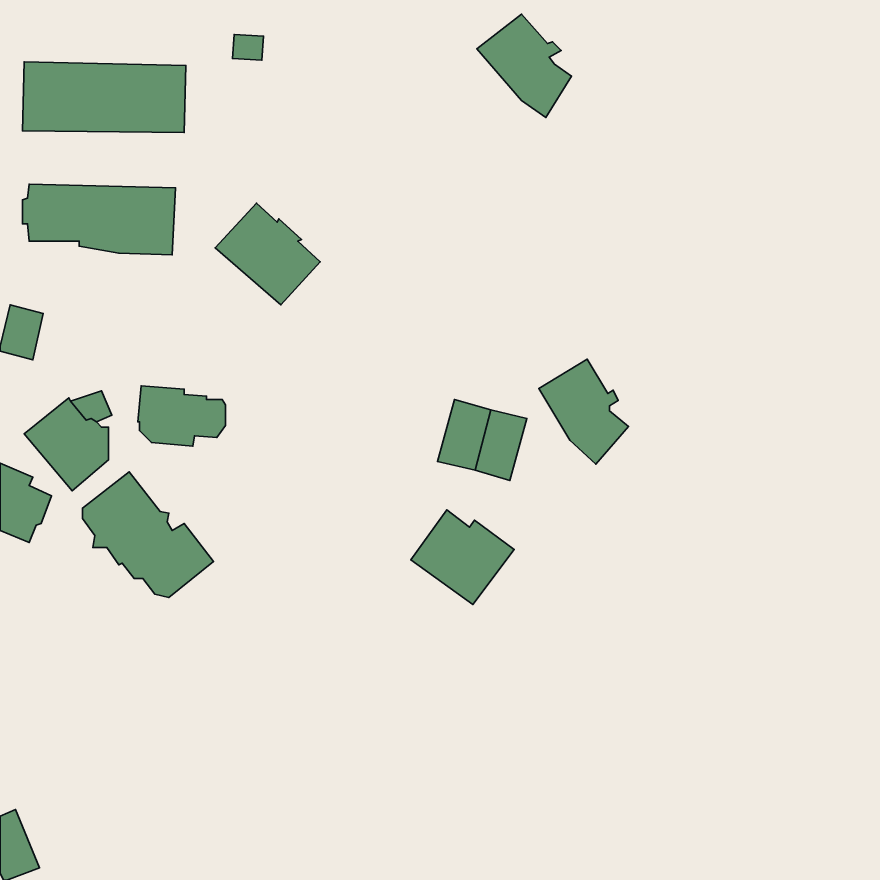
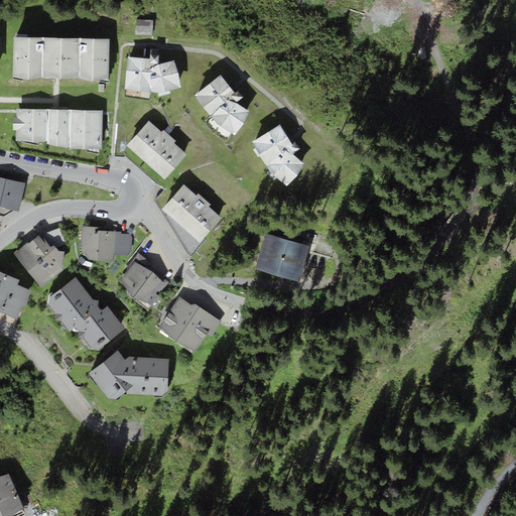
building: [477,14,572,118] -> [194,75,249,135]
building: none -> [124,54,180,93]
building: none -> [162,184,221,242]
building: [539,359,629,464] -> [252,124,304,185]
building: none -> [120,263,163,303]
building: [411,510,514,605] -> [158,297,219,353]
building: none -> [89,351,168,401]

